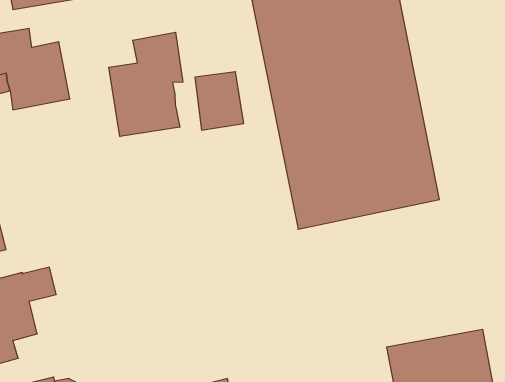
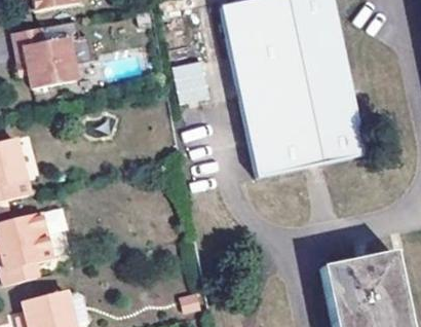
building: [109,32,183,137] -> none

